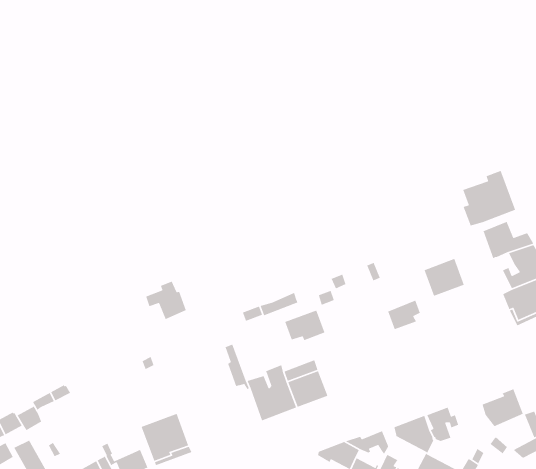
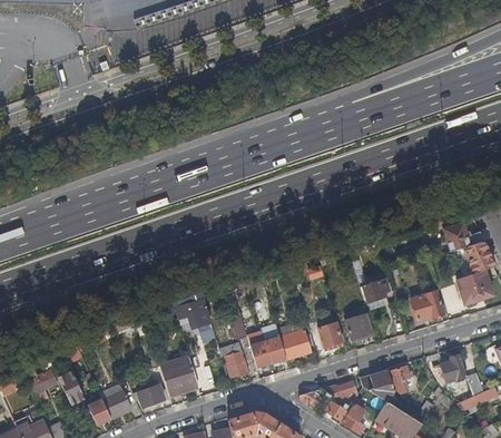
building: [462,170,516,227] -> none
building: [423,258,465,297] -> [411,291,443,321]
building: [145,281,187,320] -> [178,296,210,328]
building: [284,310,325,341] -> [310,322,342,347]
building: none -> [345,306,372,339]
building: none -> [219,342,249,377]

